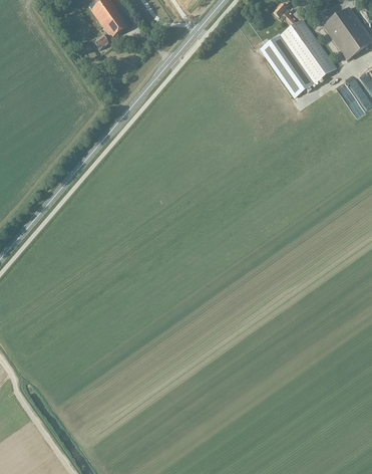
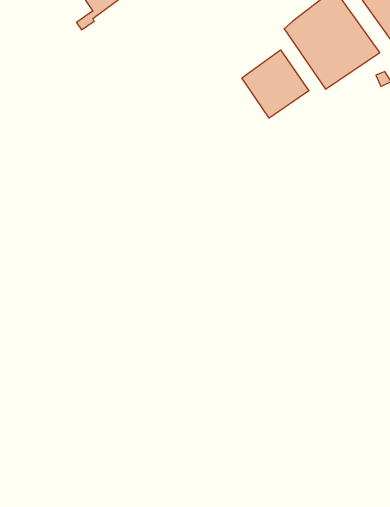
building: none -> [242,50,309,118]

